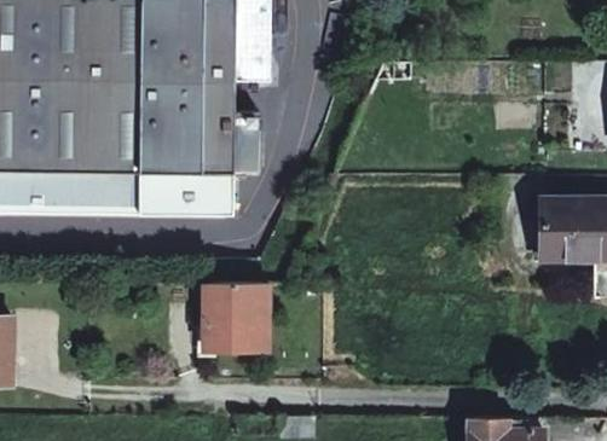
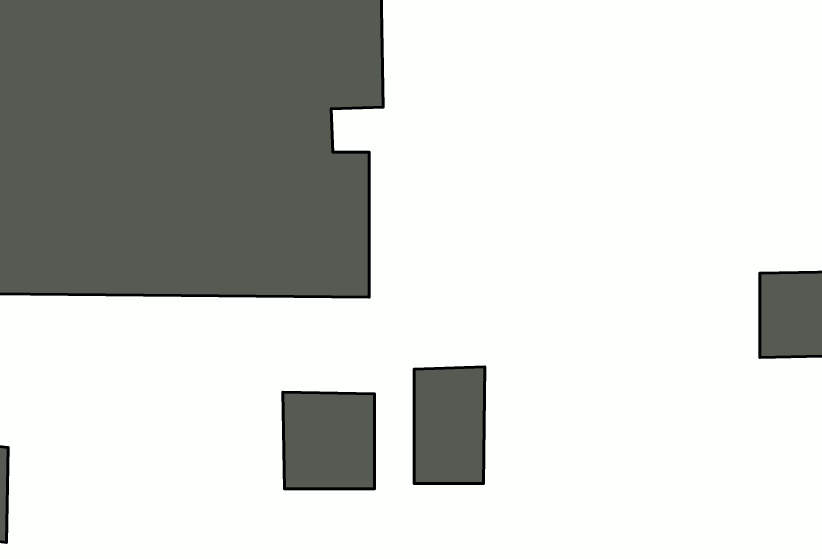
building: none -> [414,367,485,484]

